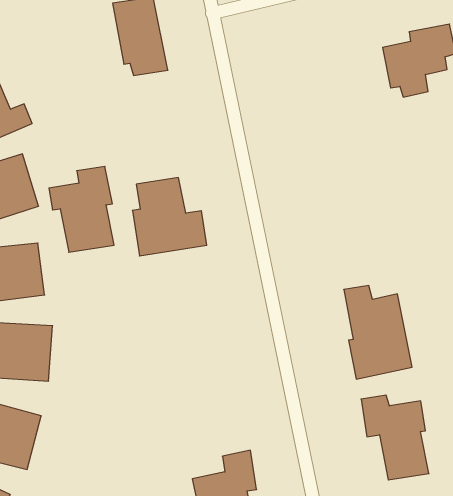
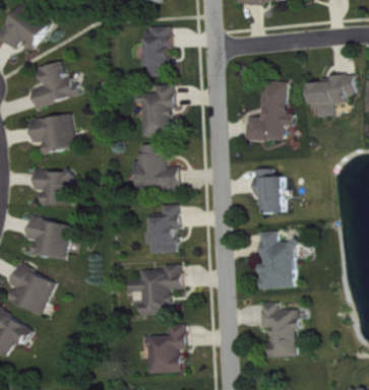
building: none -> [244,80,293,141]
building: [49,166,114,252] -> [134,84,173,135]
building: none -> [253,169,283,213]
building: none -> [147,204,177,253]
building: none -> [129,264,182,314]

